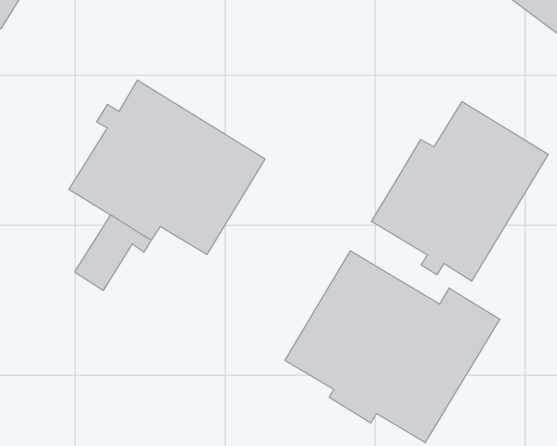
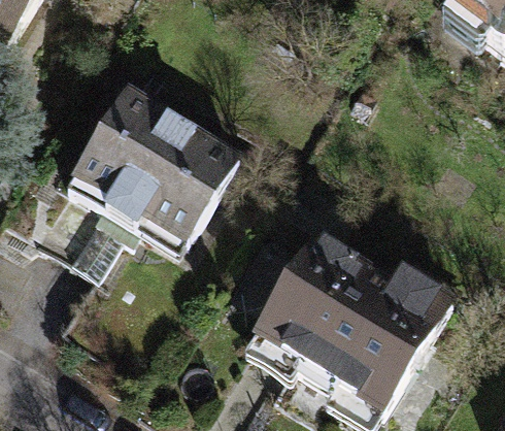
building: [371,101,548,281] -> none

